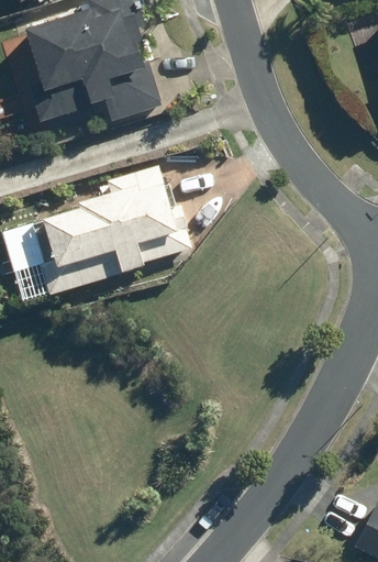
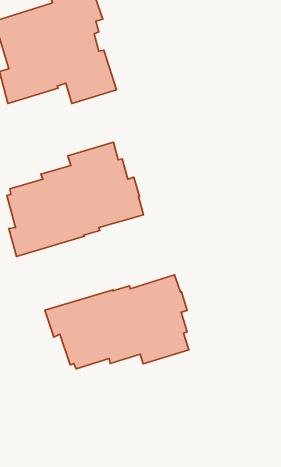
building: none -> [45,275,189,369]

